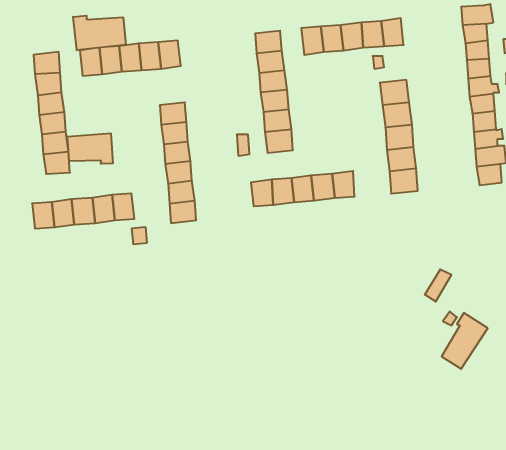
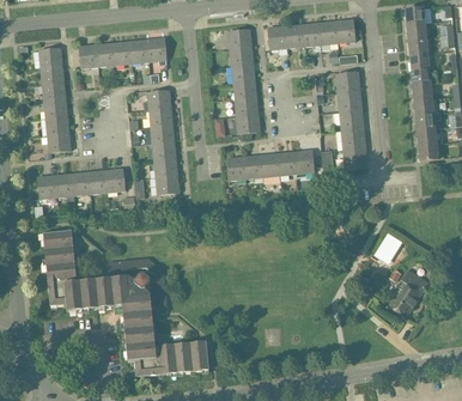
building: [73,16,126,50] -> none
building: [68,133,113,164] -> none
building: none -> [43,229,209,376]

